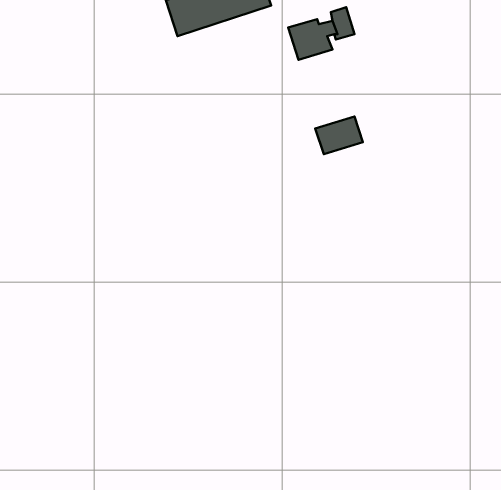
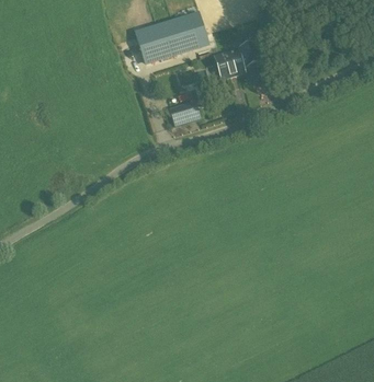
building: [315,117,363,154] -> [171,99,202,123]

